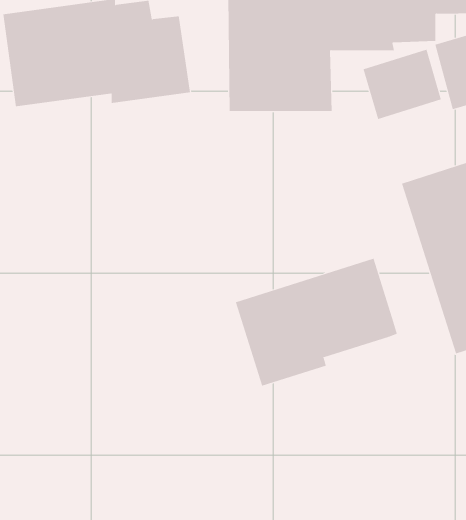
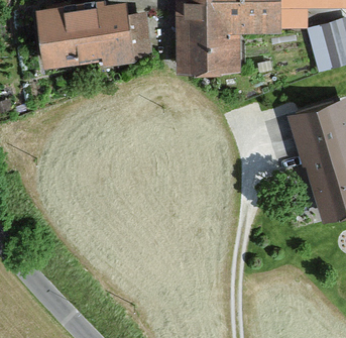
building: [363,49,442,120] -> none
building: [235,258,398,386] -> none

